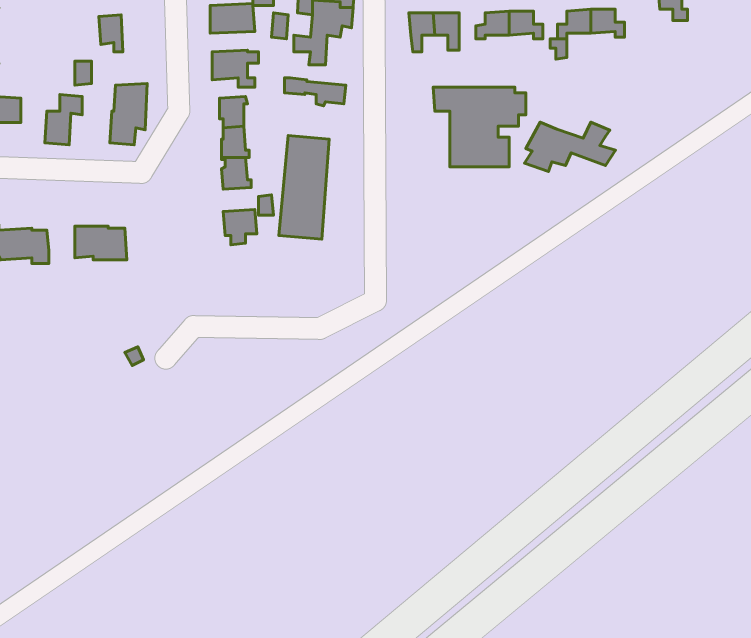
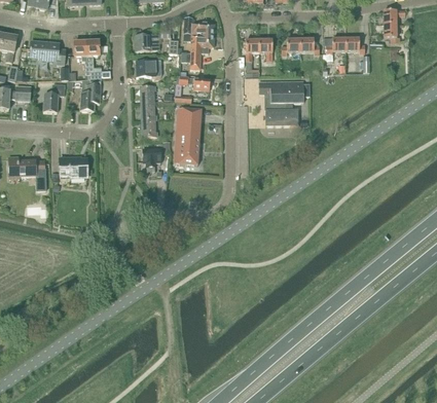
building: none -> [84,39,101,78]
building: none -> [29,40,66,64]
building: [524,122,615,171] -> none

